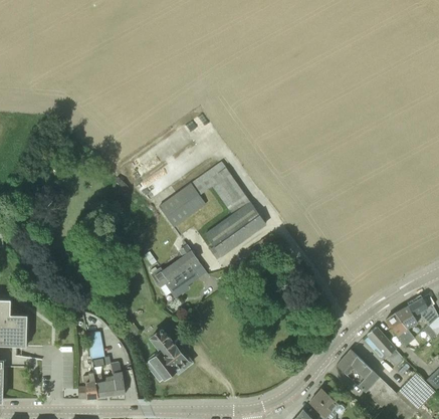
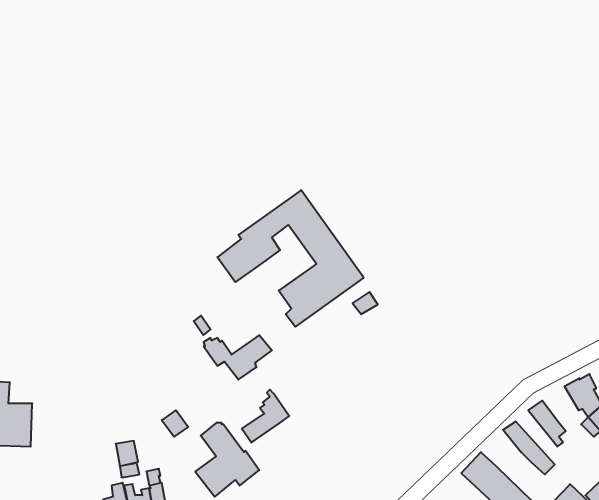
building: [164,241,198,279] -> [242,390,289,443]
building: [395,302,421,329] -> none

